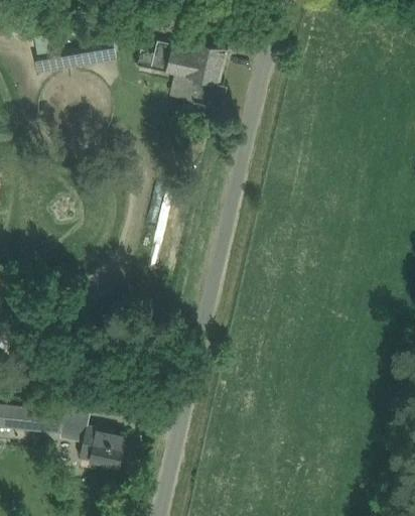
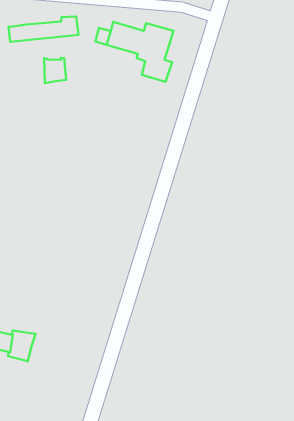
building: none -> [44,58,66,83]
building: [78,427,124,471] -> none

